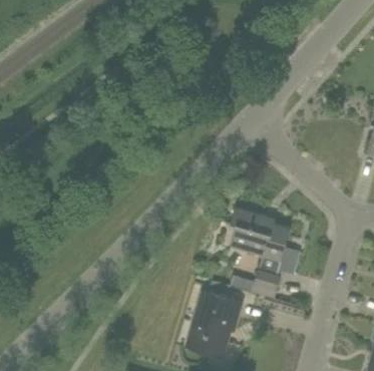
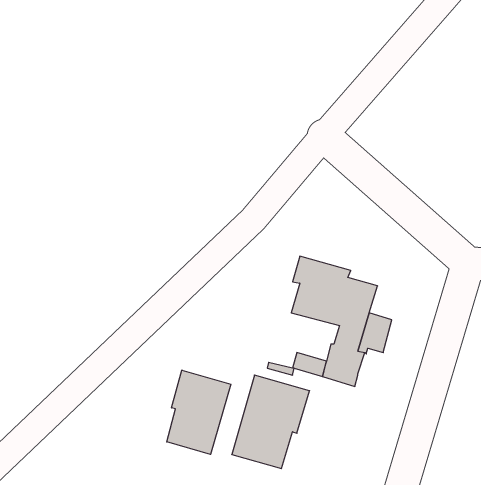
building: none -> [167,370,231,454]

